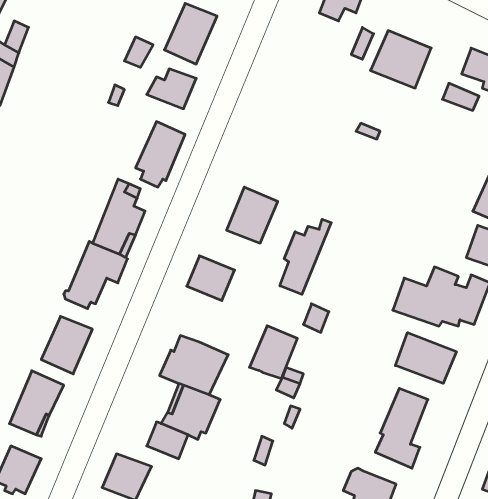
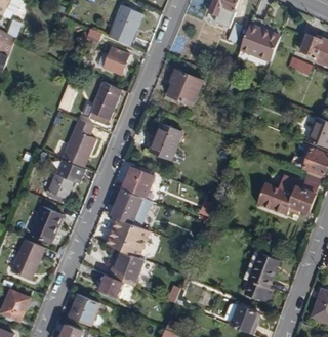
building: none -> [162,68,202,104]
building: [280,219,331,294] -> none
building: [249,326,297,378] -> [111,188,141,222]
building: [395,333,456,383] -> none

